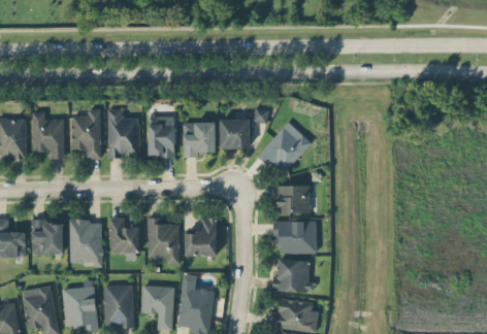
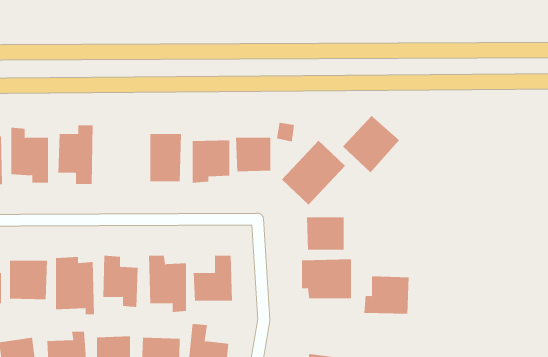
building: none -> [342,115,400,173]
building: [107,109,139,158] -> none
building: [271,260,310,292] -> [364,276,410,314]

